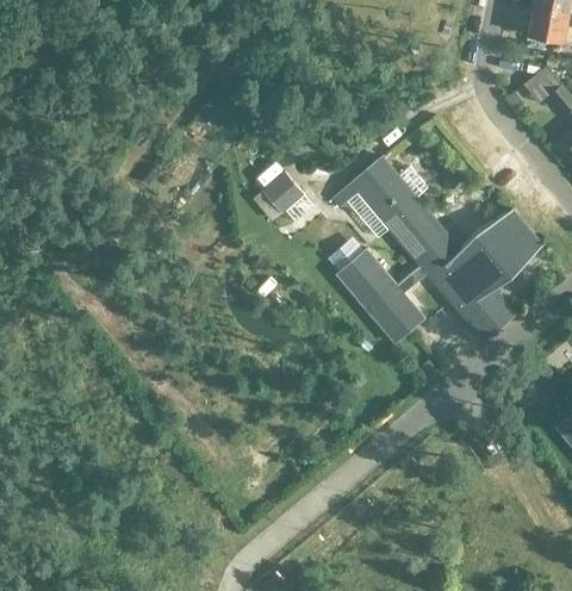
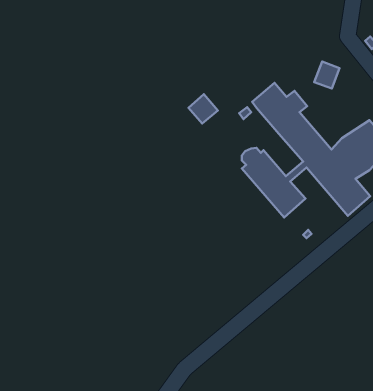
building: none -> [314,61,339,89]

